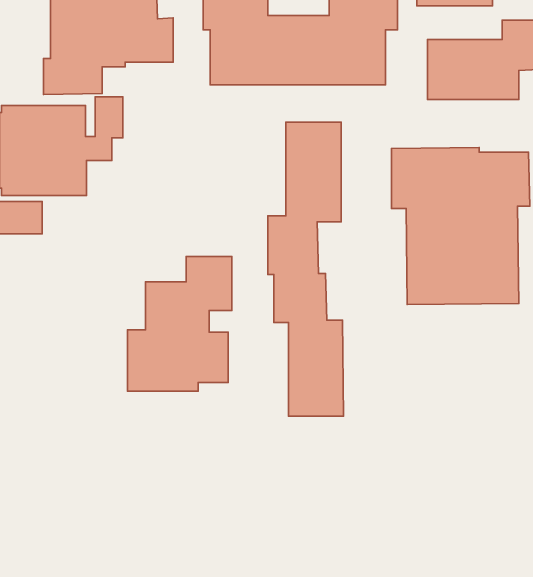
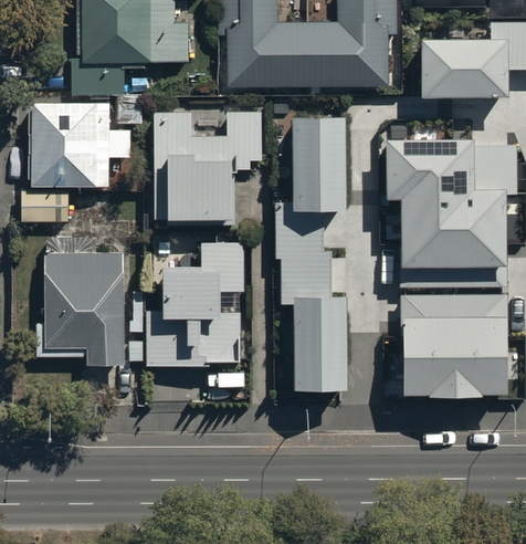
building: none -> [152,111,261,223]
building: none -> [38,251,124,364]
building: none -> [404,296,507,395]

